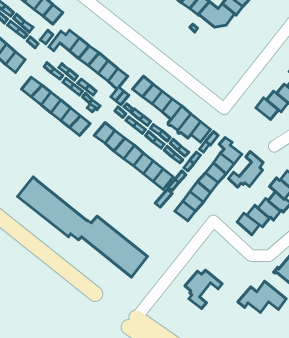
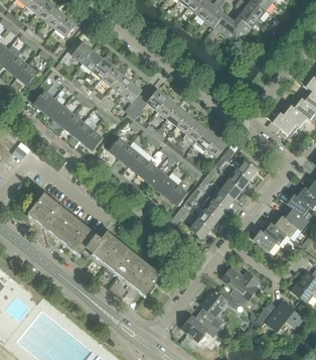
building: [228,152,263,187] -> none
building: none -> [221,267,259,304]
building: none -> [182,316,217,341]

